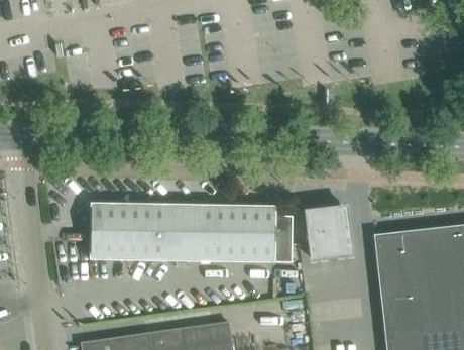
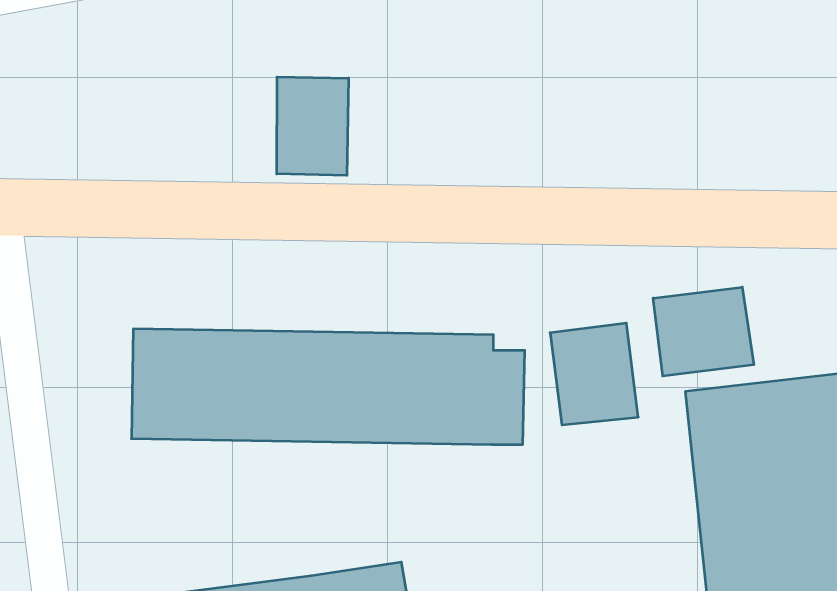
building: none -> [277,77,349,175]
building: none -> [653,287,754,376]

